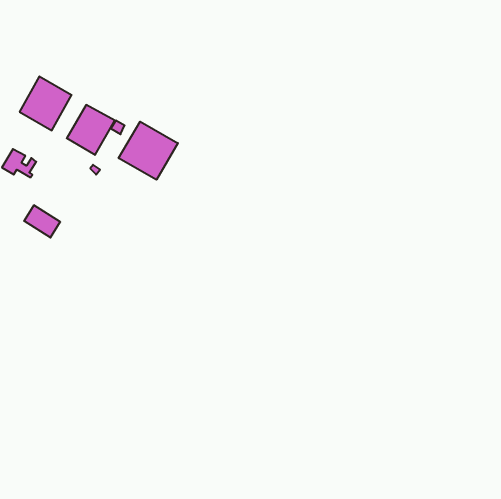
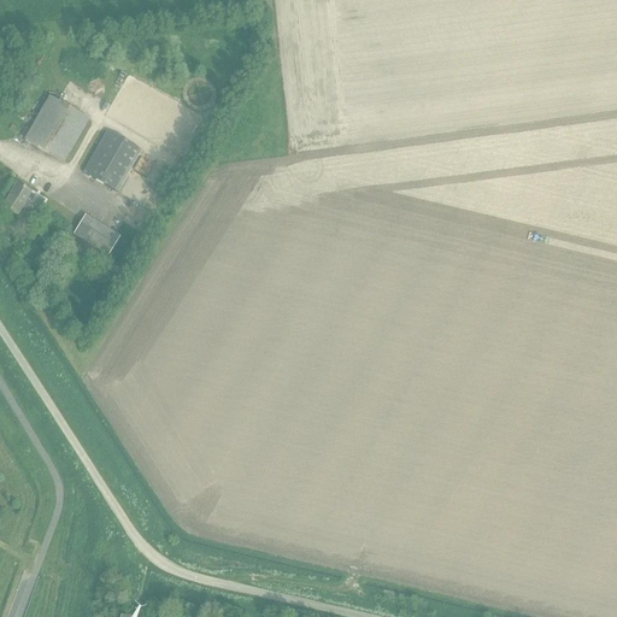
building: [119,122,178,180] -> none
building: [24,205,60,238] -> [74,213,118,253]

